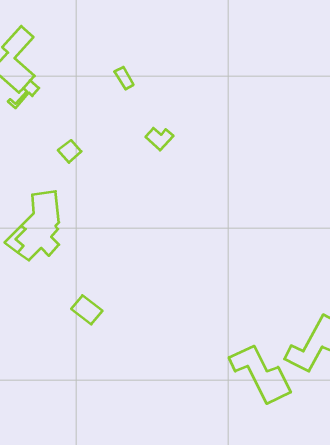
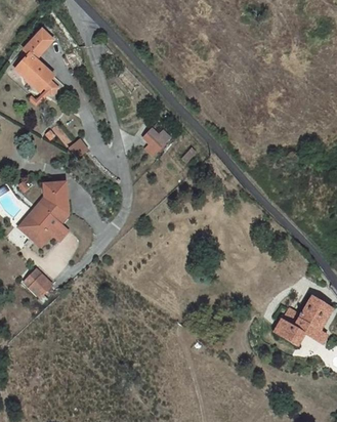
building: [71,295,102,324] -> [25,266,53,293]
building: [229,346,291,404] -> none

